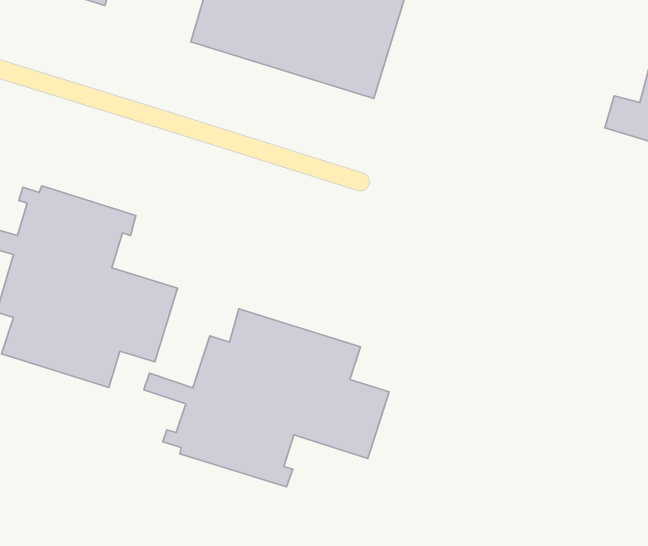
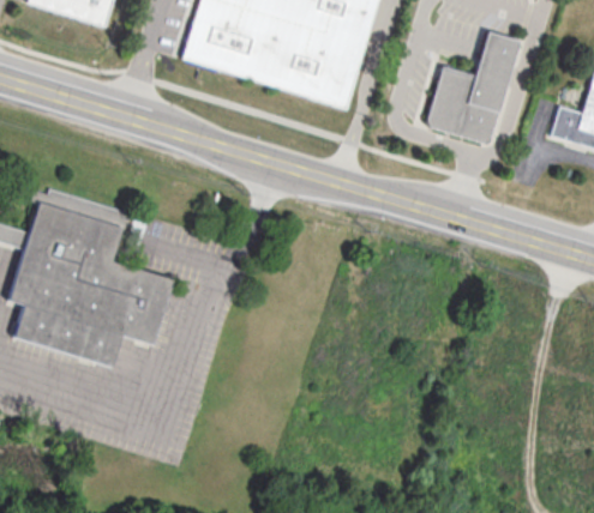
building: none -> [427,31,520,143]
building: [144,309,389,487] -> none

